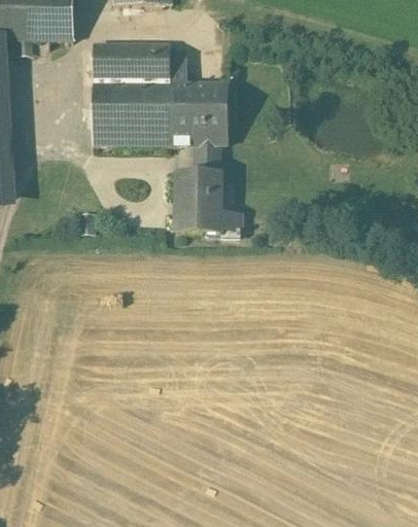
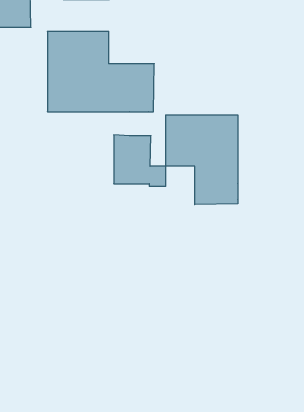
building: [197,142,220,172] -> none
building: none -> [166,115,238,205]

